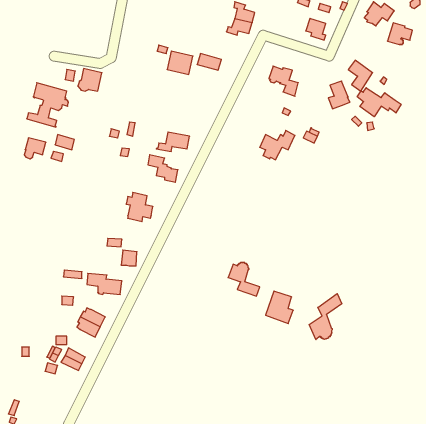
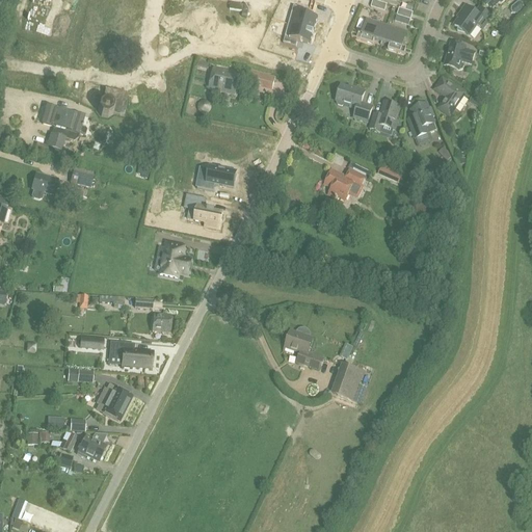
building: none -> [355,17,385,41]
building: [387,23,412,44] -> [443,39,474,66]
building: none -> [368,99,399,129]
building: [357,88,401,117] -> none
building: [309,294,342,340] -> none

